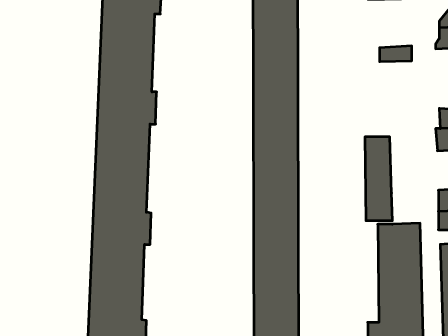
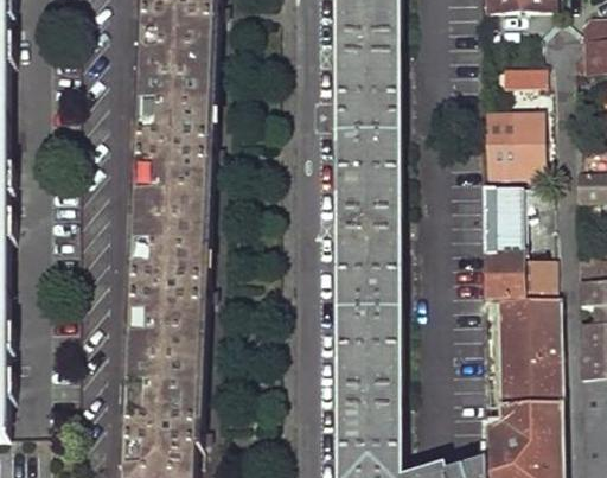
building: none -> [490,115,539,178]
building: none -> [518,259,555,300]

